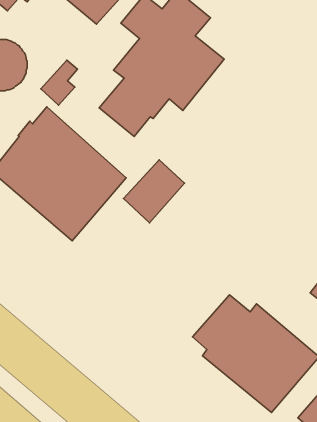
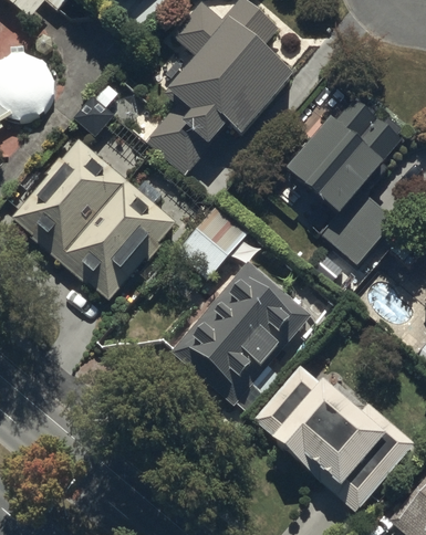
building: none -> [287,92,403,261]
building: none -> [167,259,312,408]

